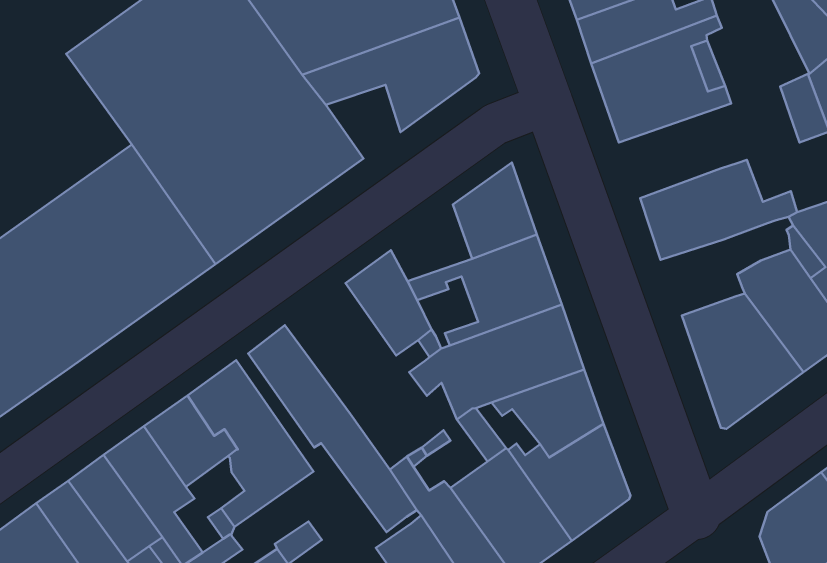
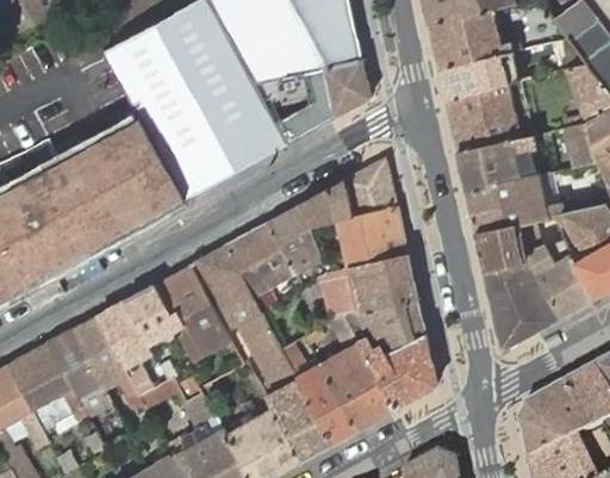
building: none -> [456,136,536,191]
building: none -> [299,180,351,226]
building: none -> [474,224,527,271]
building: none -> [224,223,294,309]

